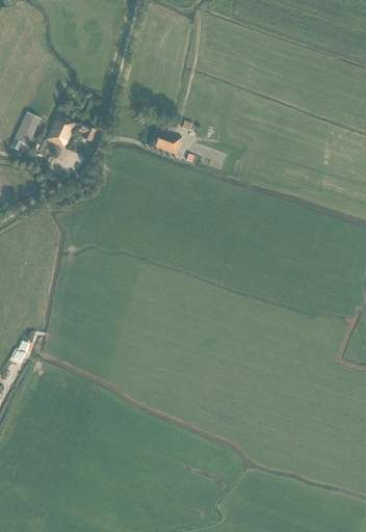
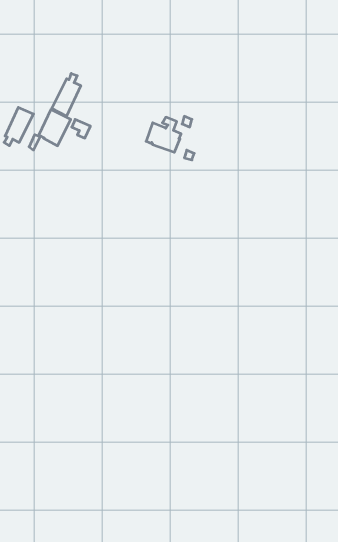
building: none -> [52,73,81,116]

